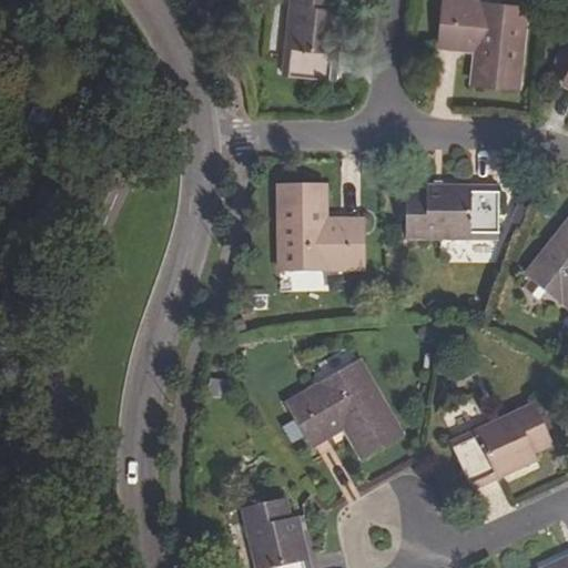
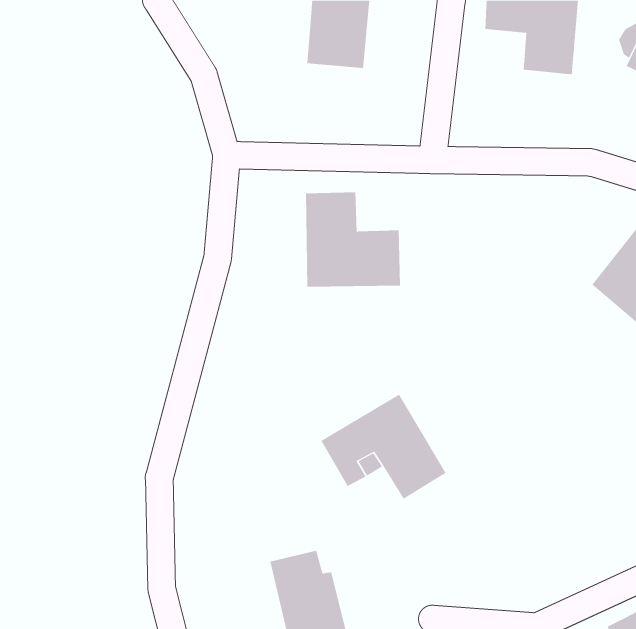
building: [405,181,497,235] -> none
building: [453,400,552,486] -> none

